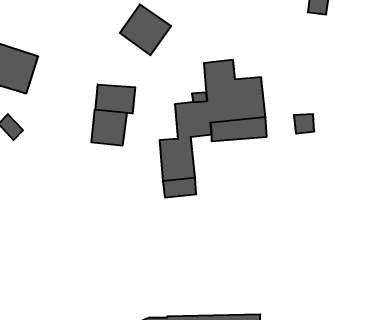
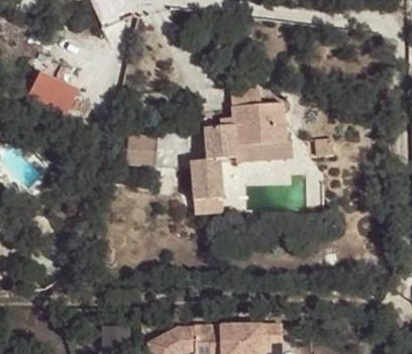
building: [120,4,171,55] -> none
building: [95,84,135,114] -> none

